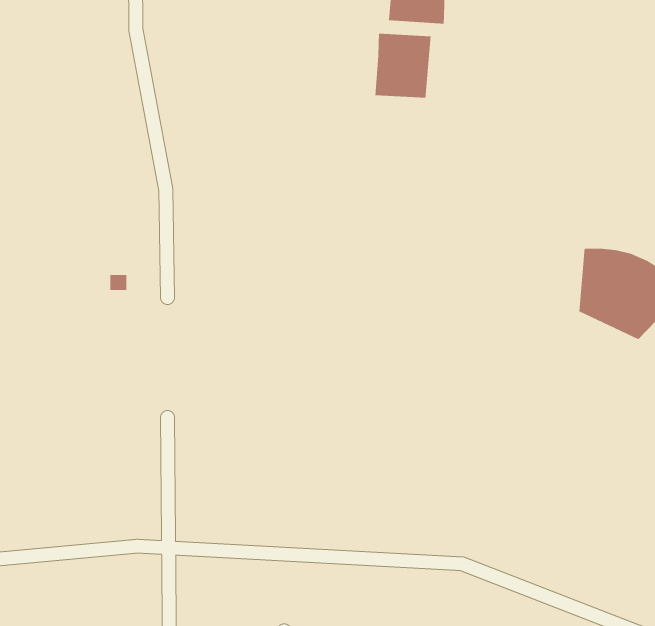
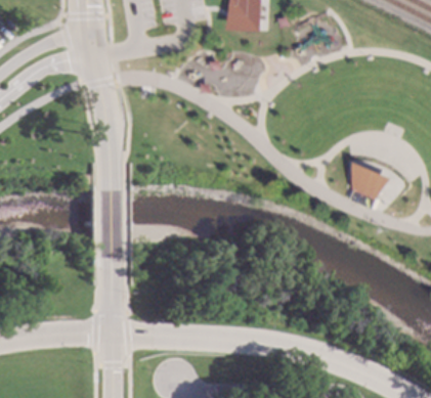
building: [375,33,431,99] -> none

